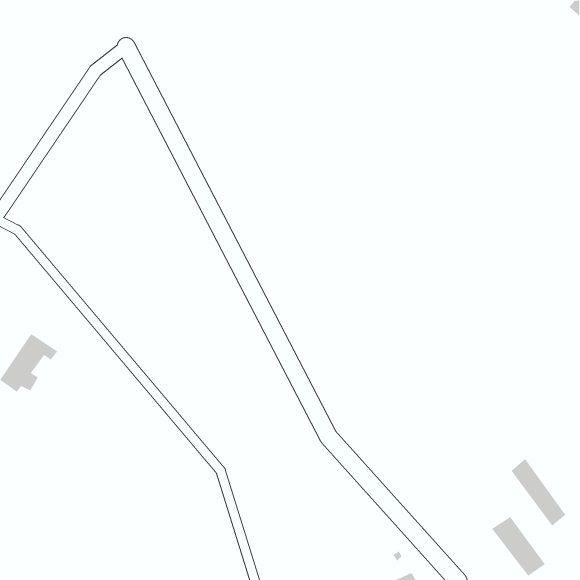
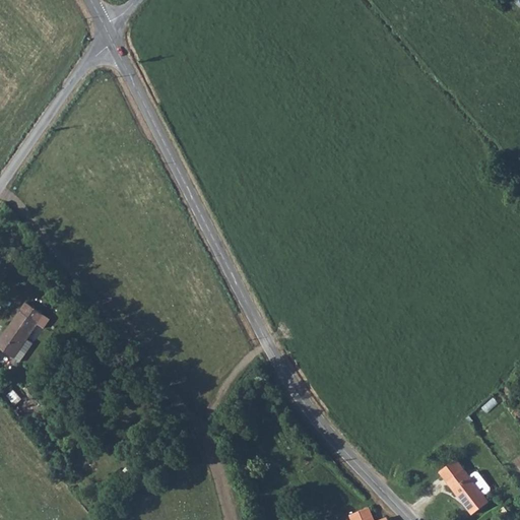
building: [511,458,566,527] -> none

